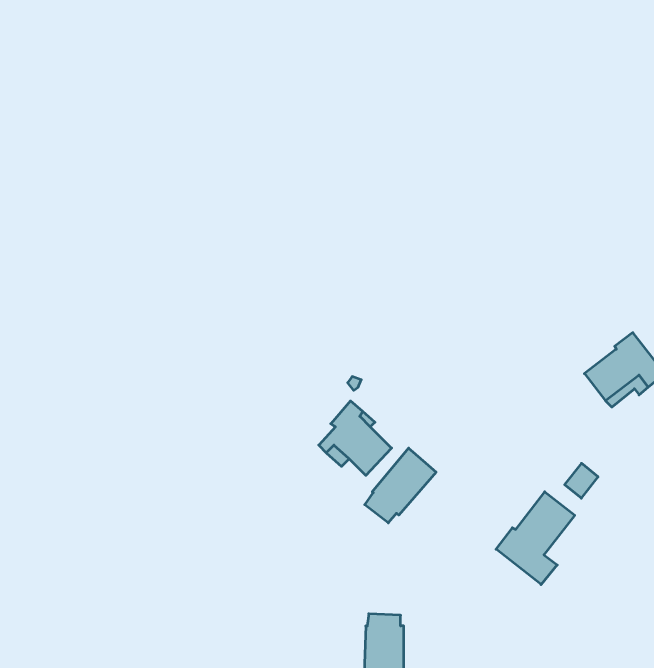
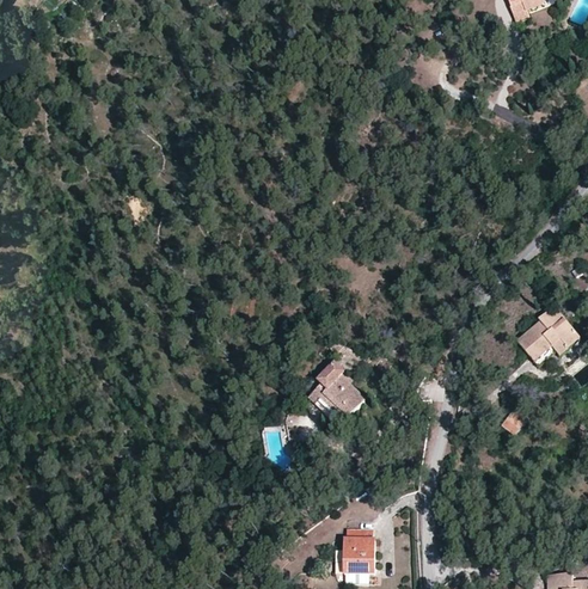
building: [365,448,436,523] -> none
building: [496,492,575,585] -> none

